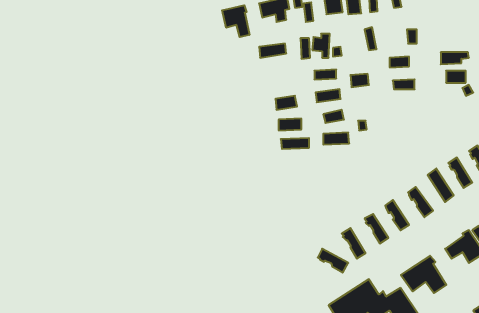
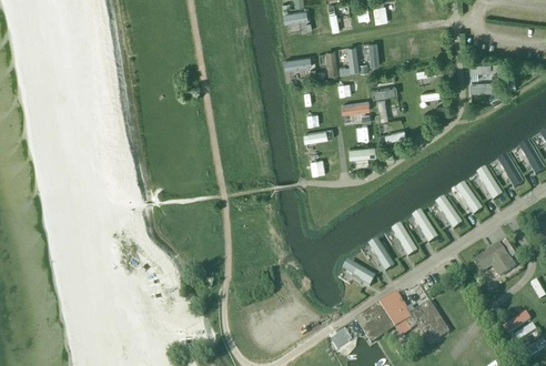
building: [222,5,249,37] -> none
building: [401,256,446,293] -> none

